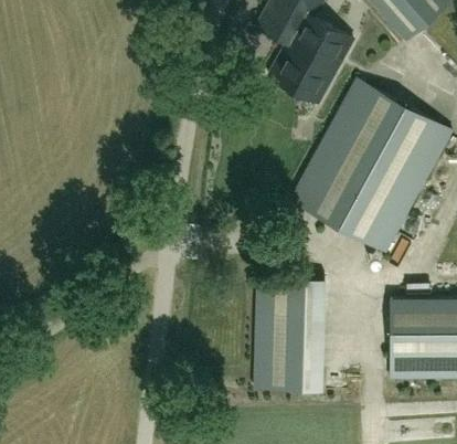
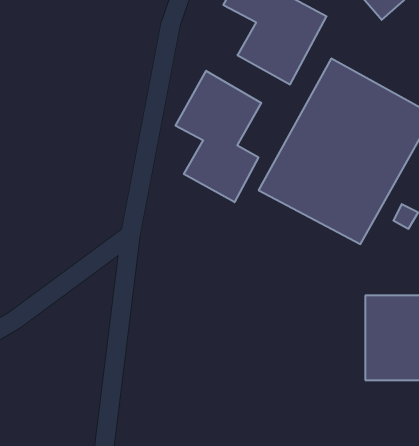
building: none -> [176,71,261,202]
building: [254,277,325,391] -> none

